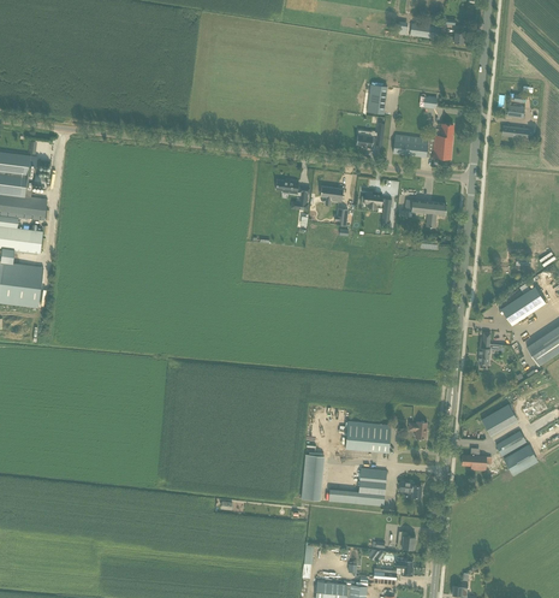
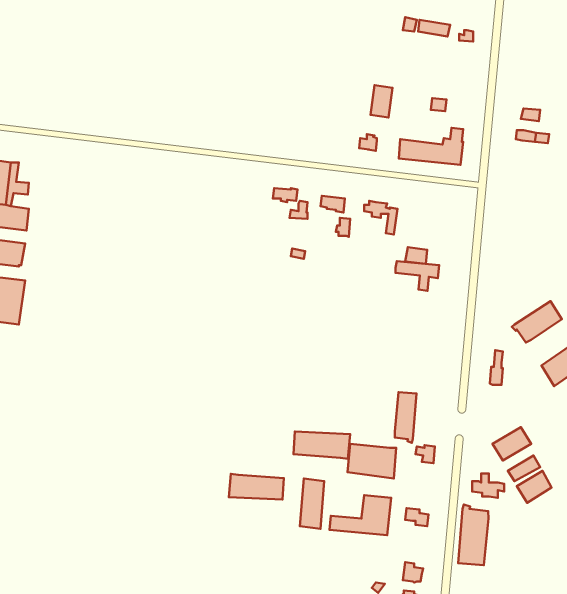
building: [404,199,445,226] -> [396,261,439,291]
building: none -> [395,392,417,443]
building: none -> [293,432,350,459]
building: none -> [229,474,284,500]
building: none -> [458,505,488,565]

